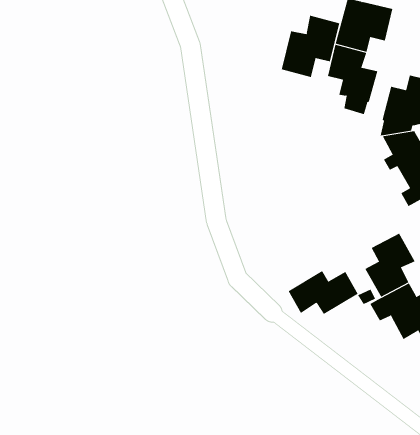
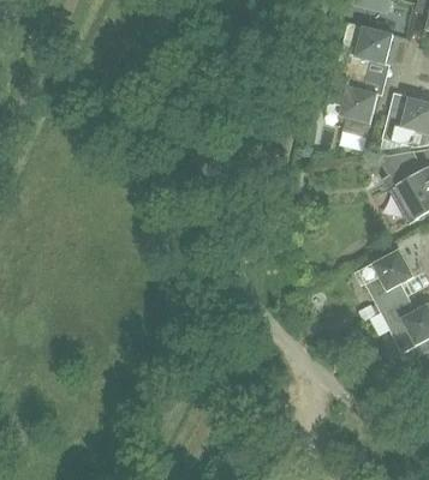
building: [281,15,340,78] -> none
building: [288,270,358,315] -> none

